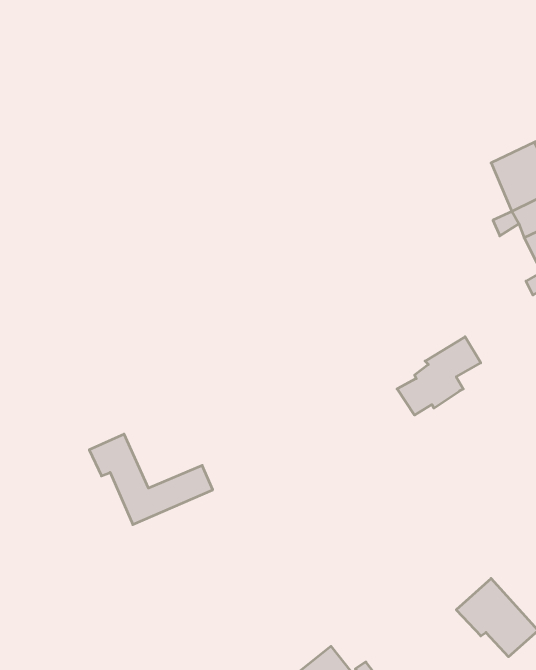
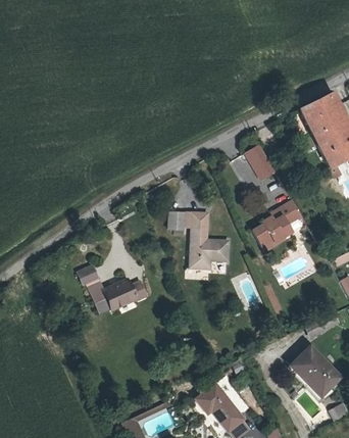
building: none -> [240,146,269,181]
building: none -> [168,214,229,270]

